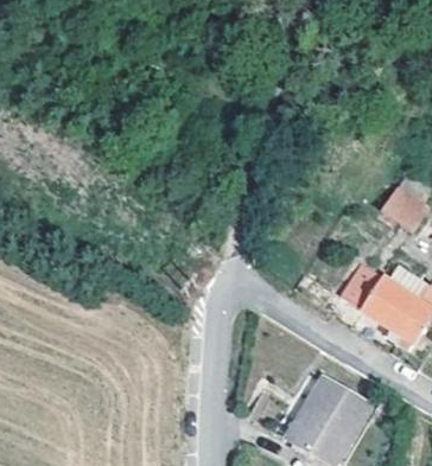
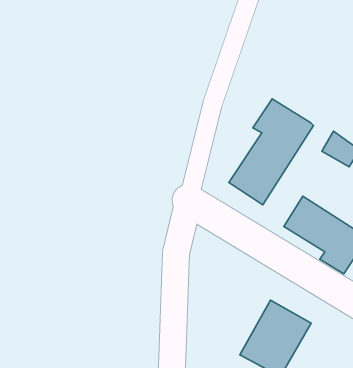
building: none -> [229,99,314,205]

